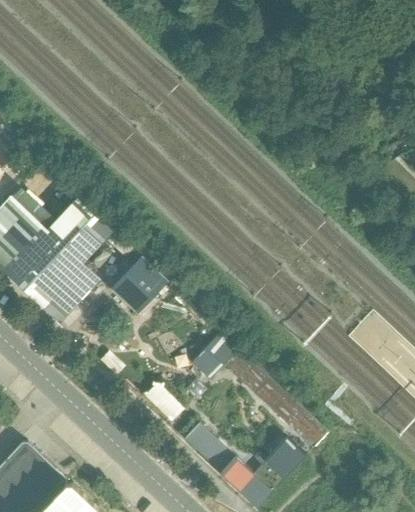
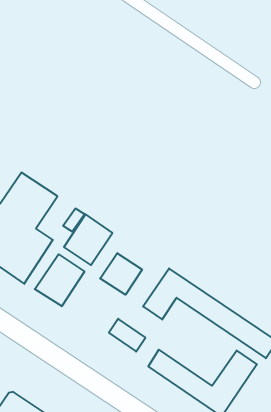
building: none -> [35,254,84,306]
building: none -> [100,253,142,295]

